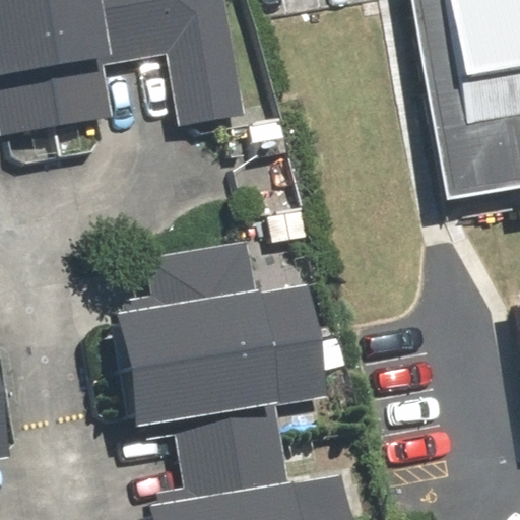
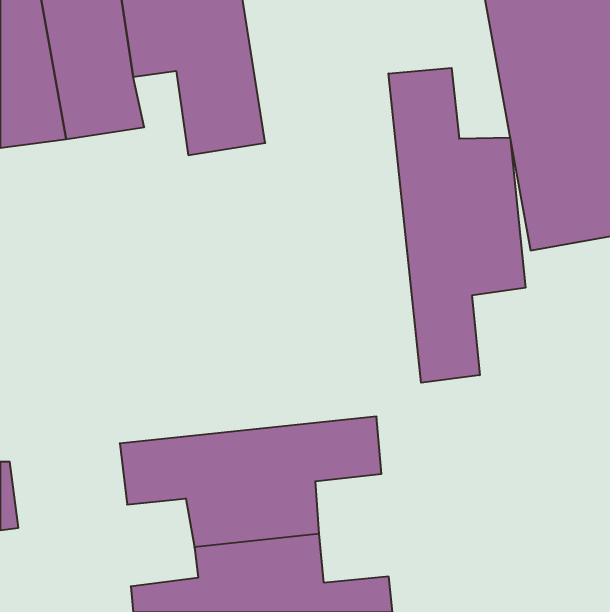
building: none -> [389,68,525,383]
building: [106,245,325,369] -> none

